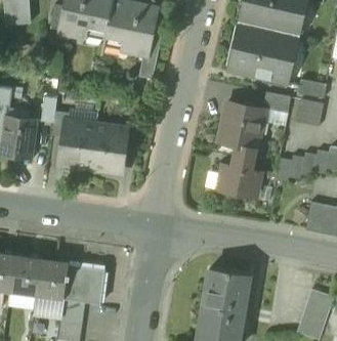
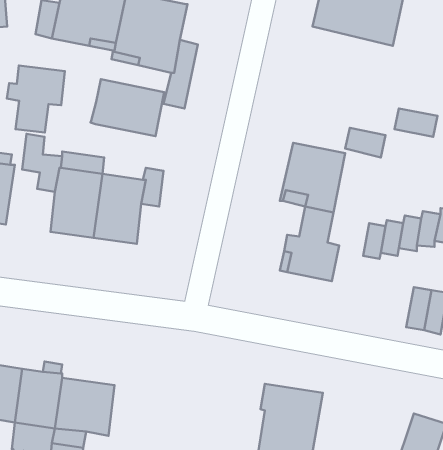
building: [229,23,296,84] -> none
building: none -> [7,65,65,133]
building: none -> [91,79,164,136]
building: [296,99,324,127] -> none

